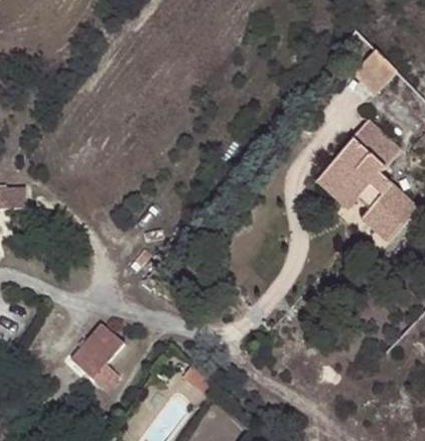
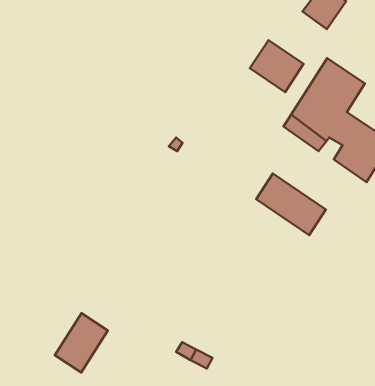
building: none -> [250,40,304,92]
building: none -> [256,174,326,235]

